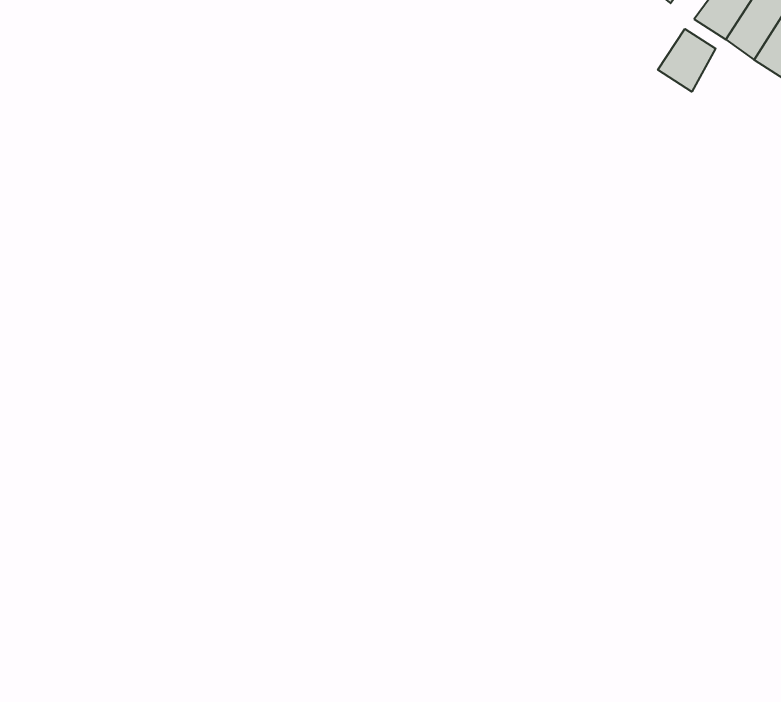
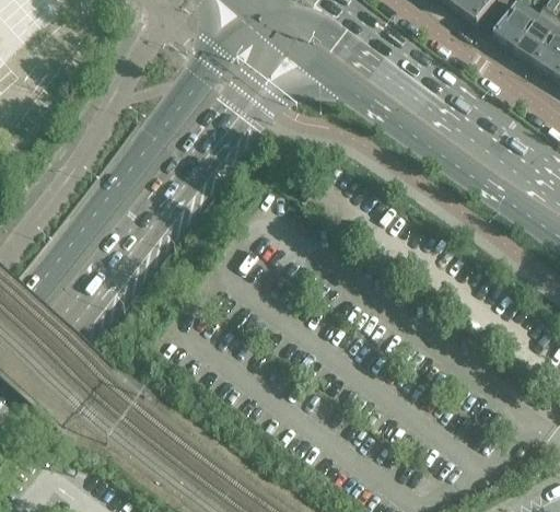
building: [658,29,716,92] -> none

